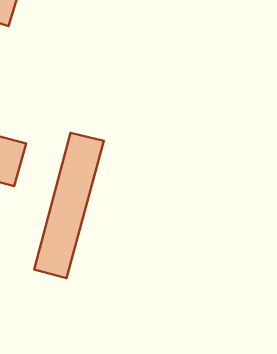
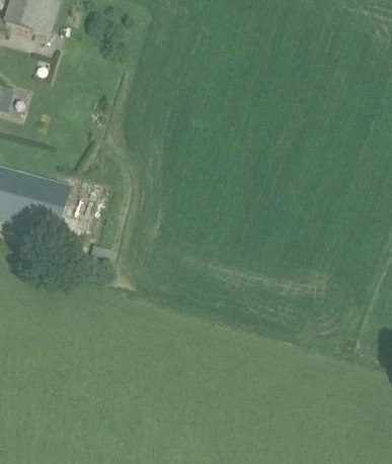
building: [34,133,104,278] -> none

